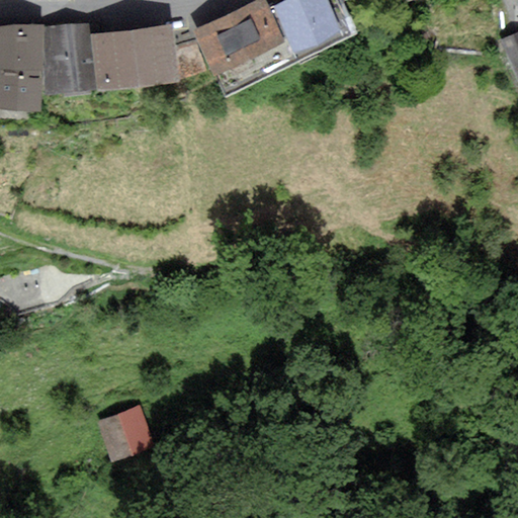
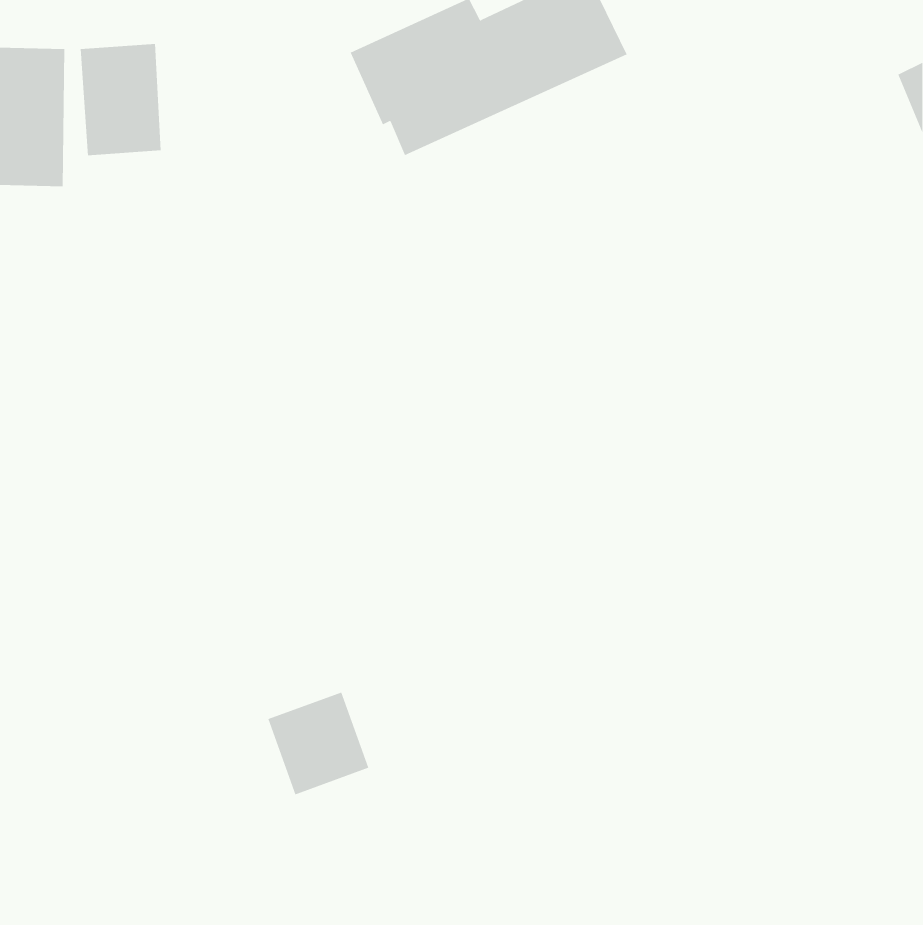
building: [97,26,173,82] -> none
building: [101,405,158,462] -> [268,692,369,795]

